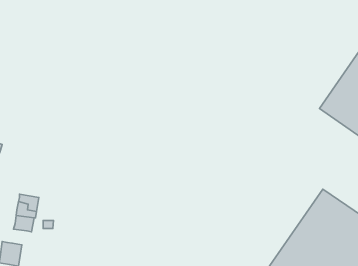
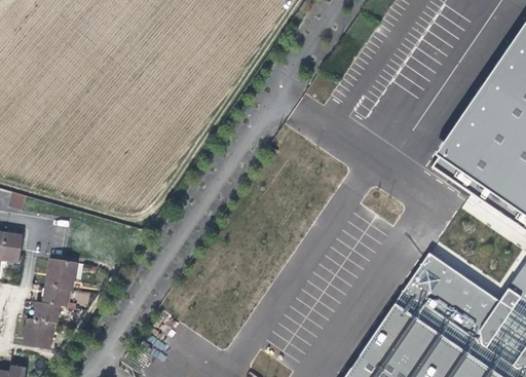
building: none -> [35,303,60,324]

